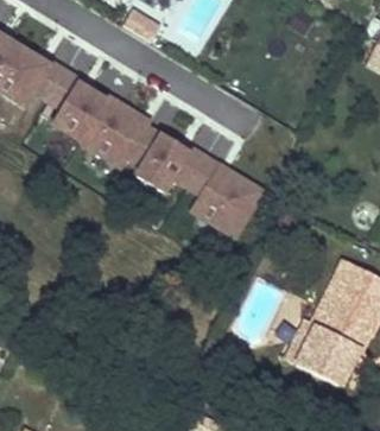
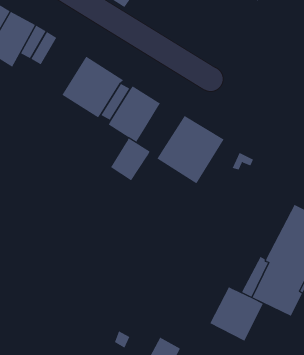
building: [53,77,109,138] -> none
building: [175,145,220,194] -> [110,138,151,181]
building: none -> [209,286,263,341]

